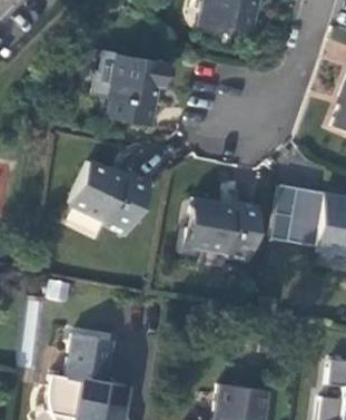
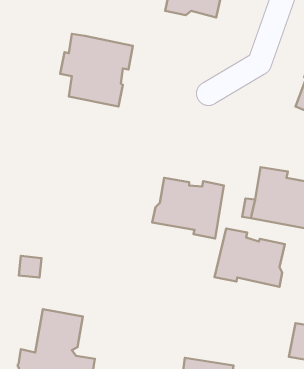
building: [70,160,151,235] -> none
building: none -> [215,229,285,287]

